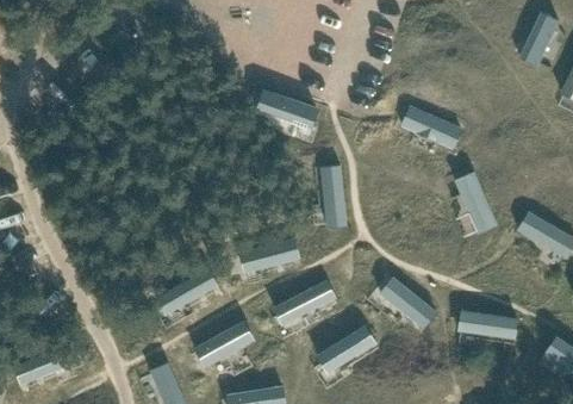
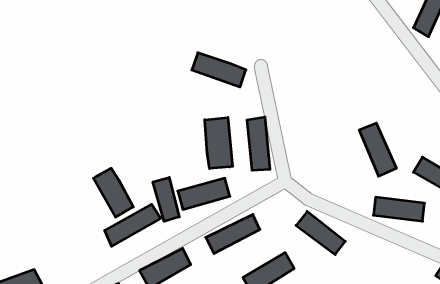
building: [400,107,462,153] -> none
building: none -> [205,117,233,169]
building: none -> [93,168,133,217]
building: none -> [153,177,179,221]
building: [457,311,518,340] -> [373,197,425,221]

